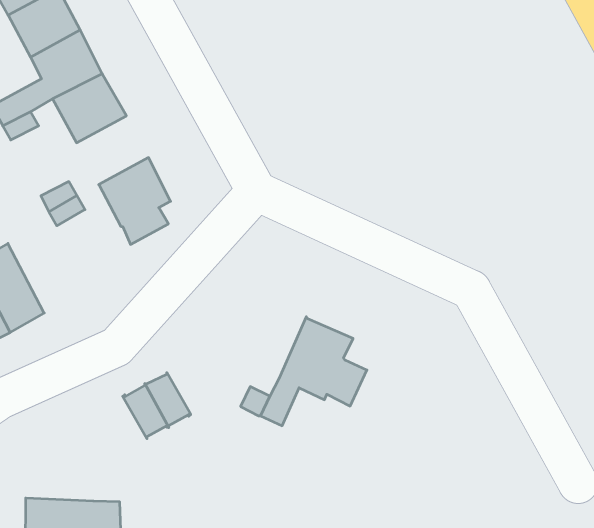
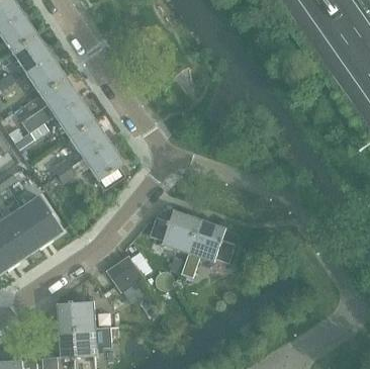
building: none -> [69,120,108,159]
building: none -> [151,209,201,253]
building: none -> [59,300,97,331]

